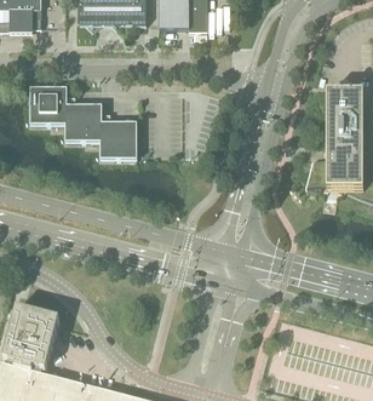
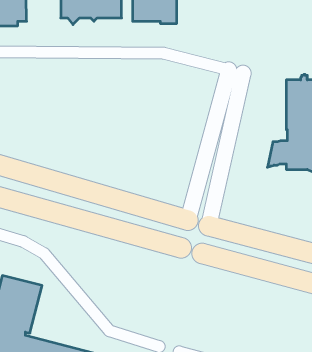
building: [30,87,136,157] -> none

